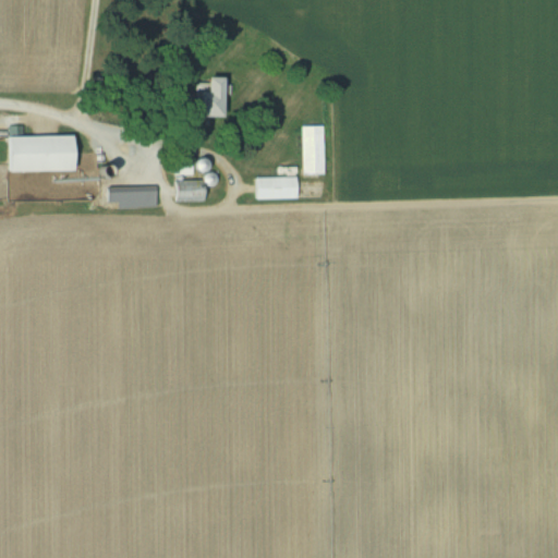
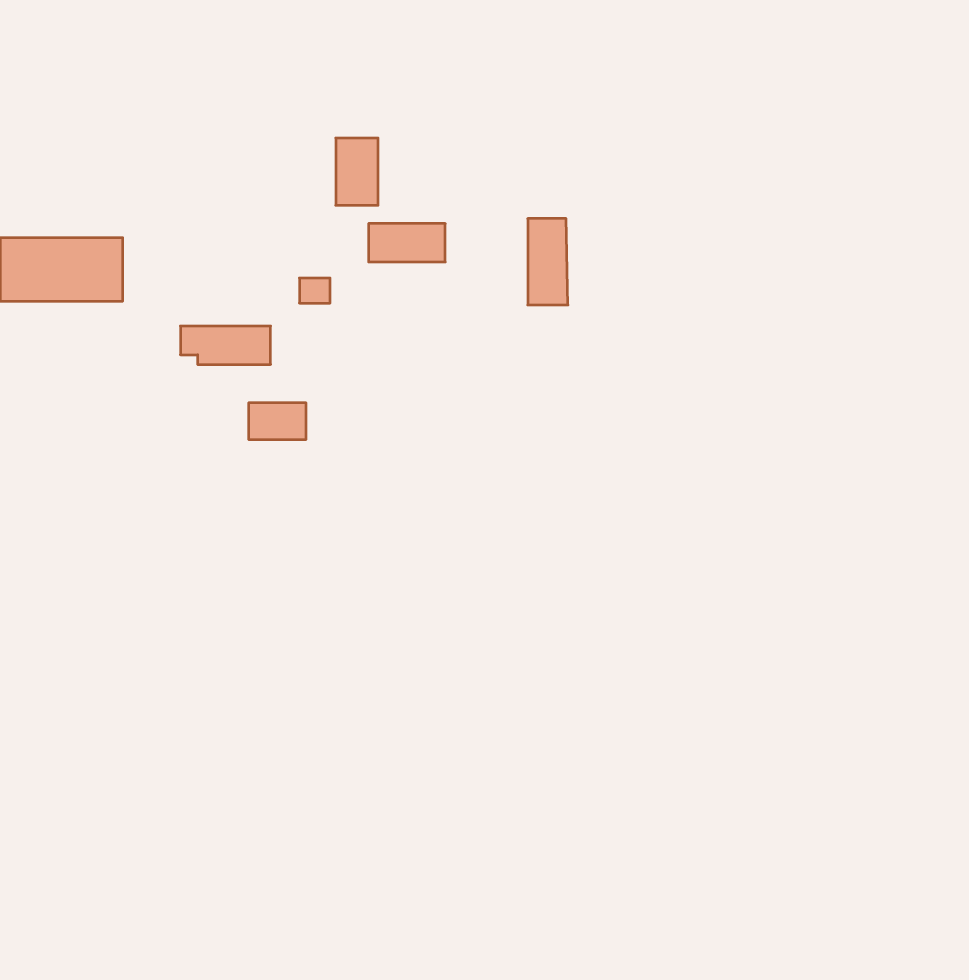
building: [257,177,301,198] -> [369,224,445,262]
building: [174,179,207,199] -> [249,403,306,439]

